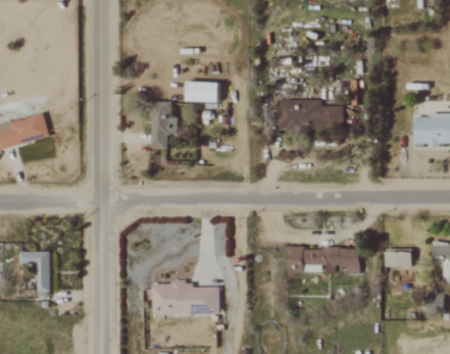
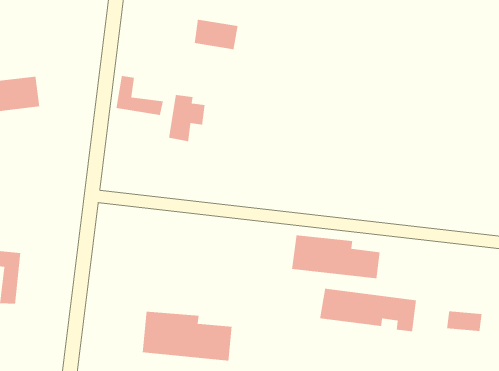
building: [186,82,218,102] -> [194,19,239,50]
building: [277,100,344,129] -> [291,234,381,279]
building: none -> [115,75,164,116]

